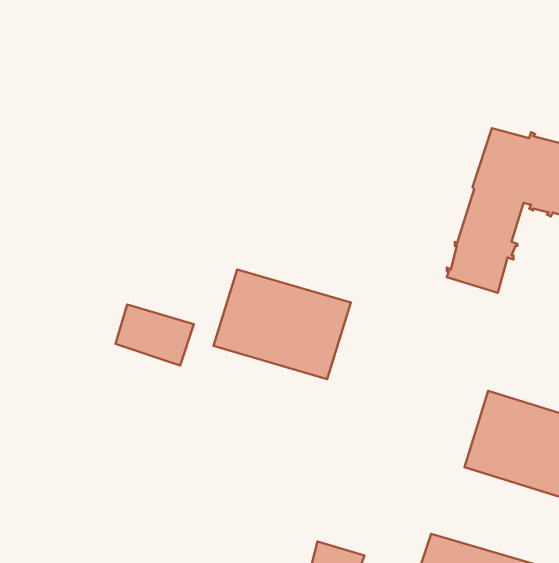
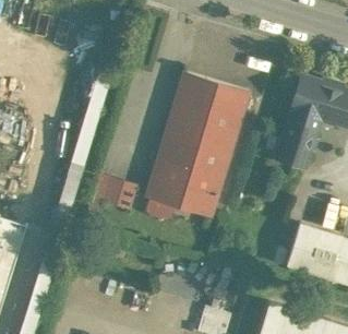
building: none -> [159,73,248,175]

